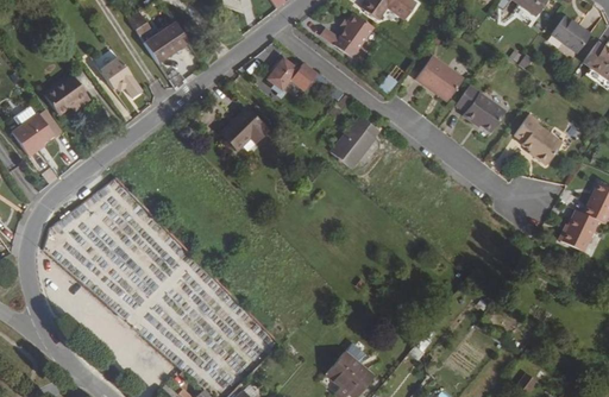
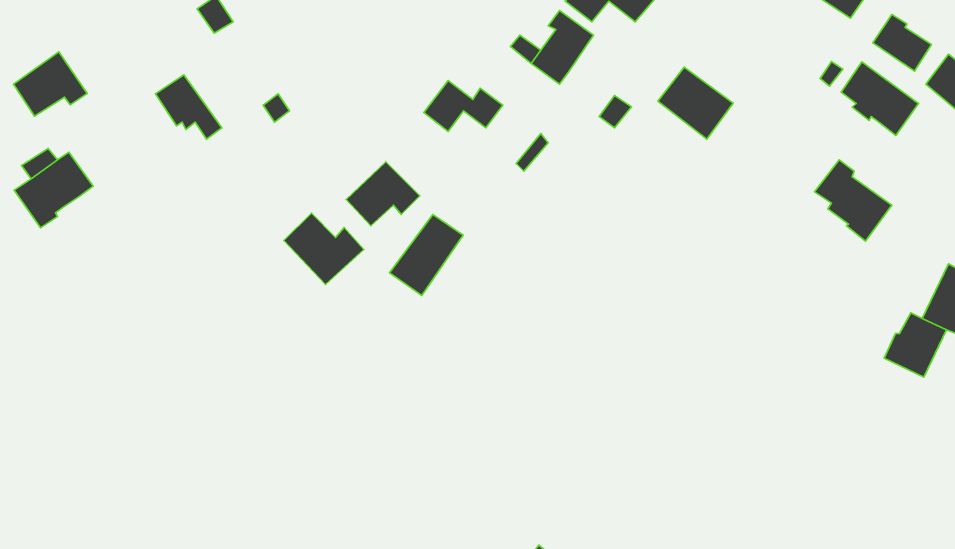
building: [142,18,188,59] -> none
building: [44,71,90,112] -> [14,52,87,116]
building: [458,81,507,127] -> [841,62,918,136]
building: [333,112,379,163] -> [390,214,463,296]
building: none -> [284,213,364,284]

